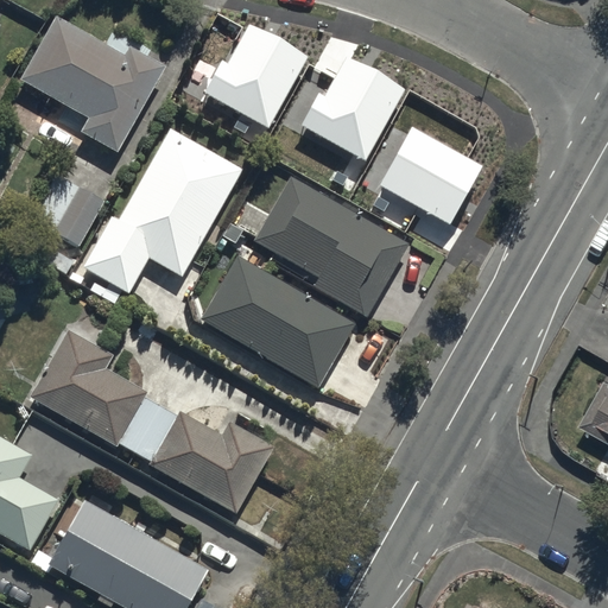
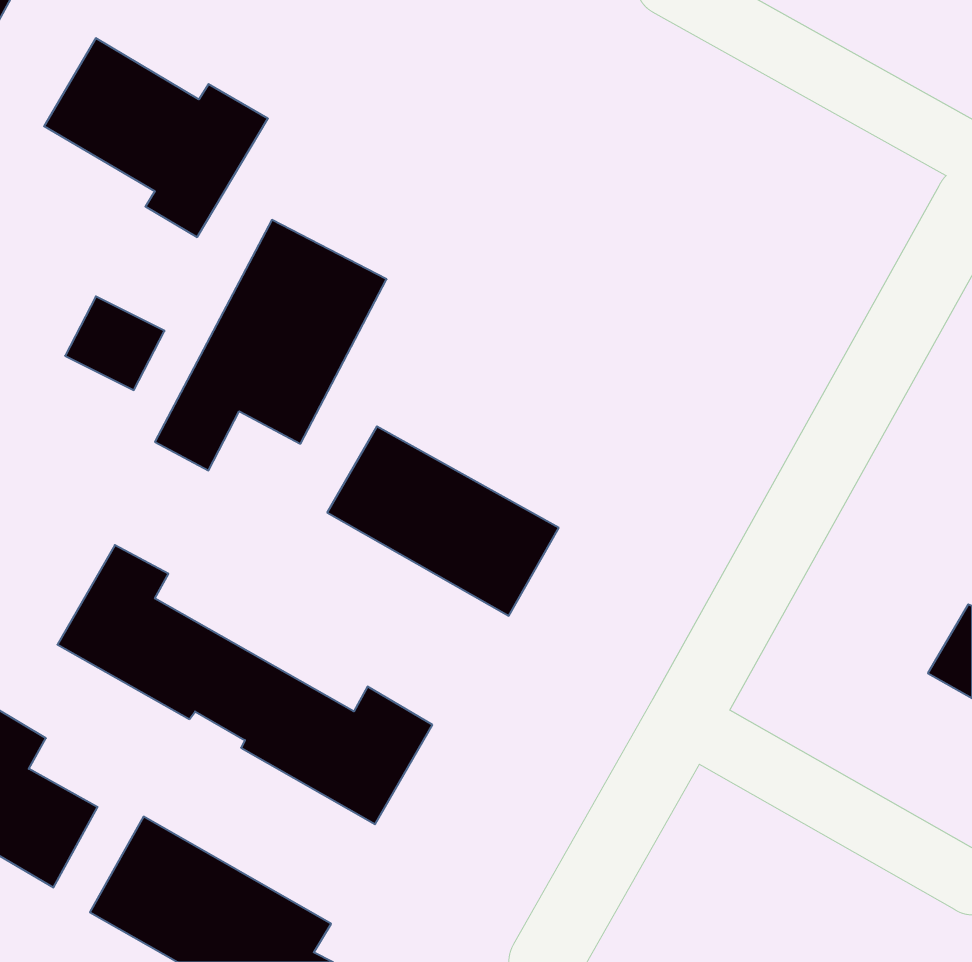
building: [202,15,304,116] -> none
building: [297,49,401,153] -> none
building: [376,118,480,215] -> none
building: [258,180,400,312] -> none

